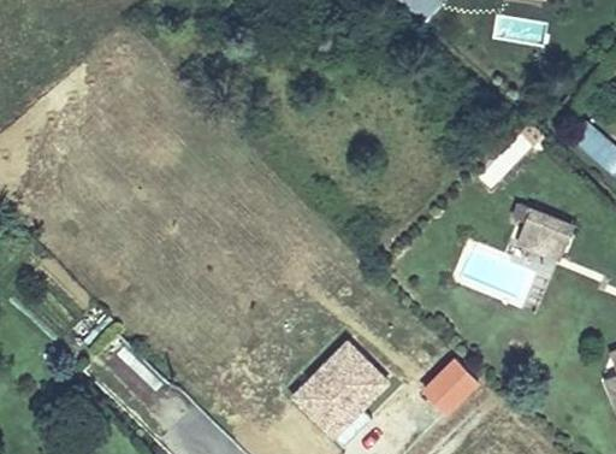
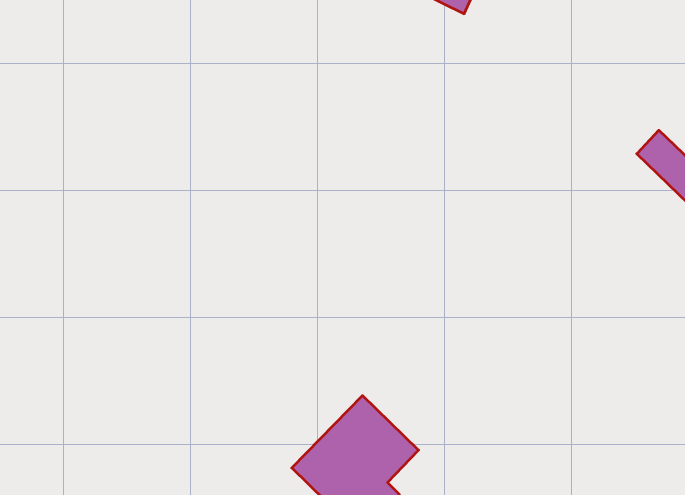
building: [517,201,569,252] -> none
building: [427,356,474,409] -> none

